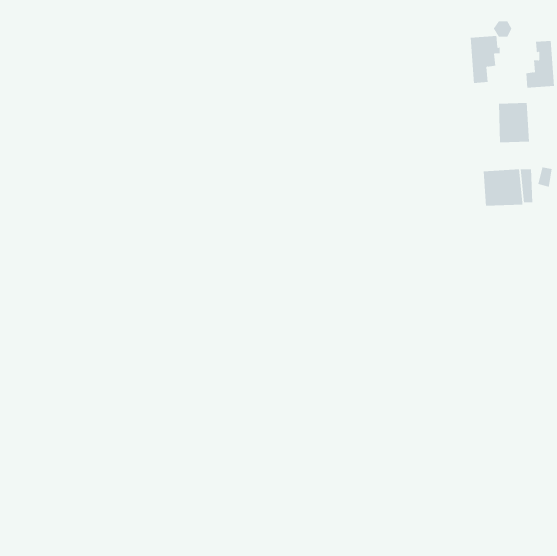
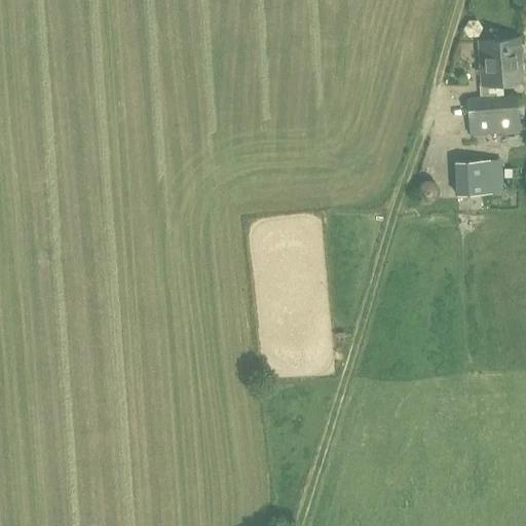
building: [470,35,500,83] -> [479,40,508,85]
building: none -> [497,97,519,135]

